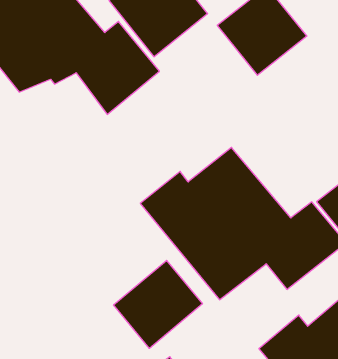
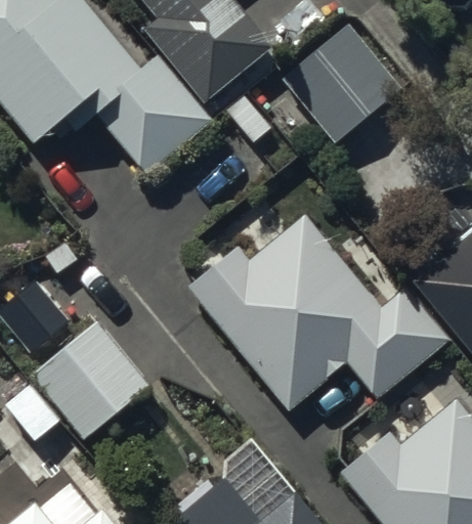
building: none -> [36,329,146,435]
building: [114,260,202,348] -> none

